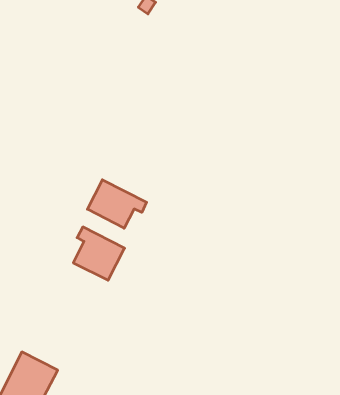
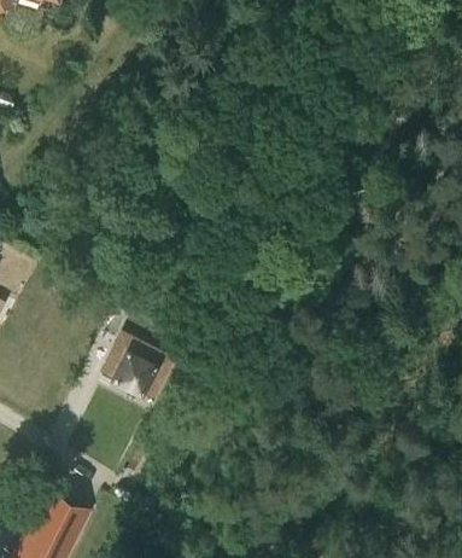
building: [87,180,147,228] -> none

